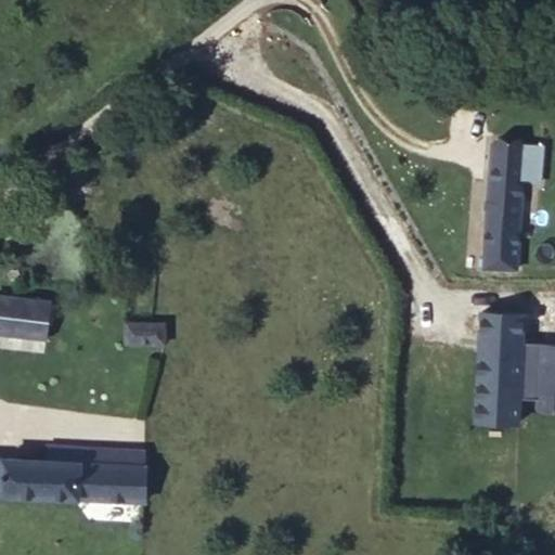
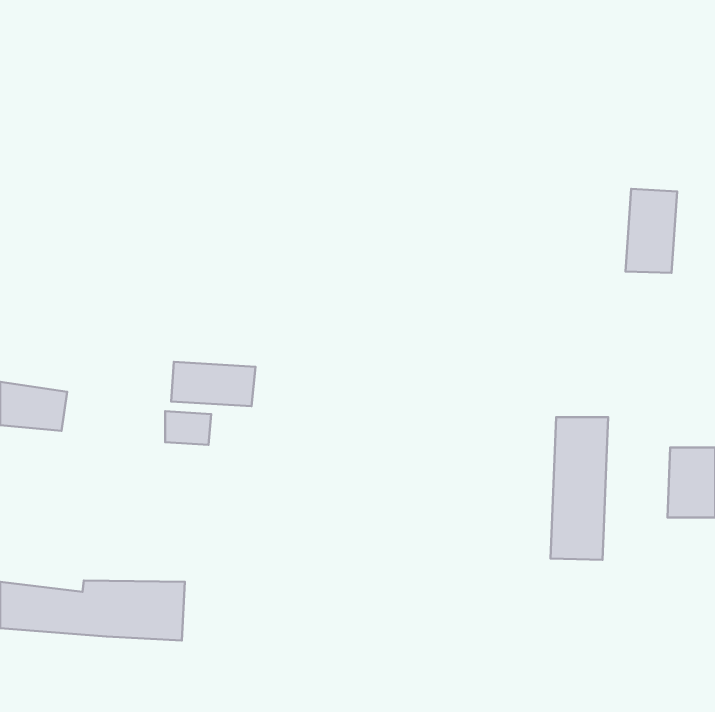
building: [480,212,520,275] -> none
building: none -> [171,362,255,406]
building: [476,318,520,428] -> [551,417,608,560]

